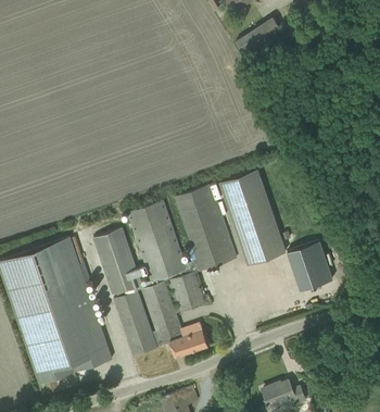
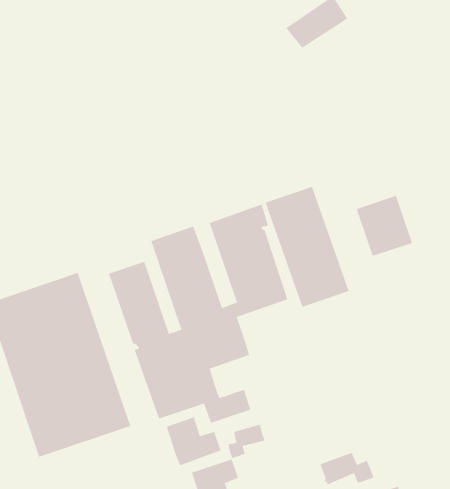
building: [287,240,332,289] -> [356,195,413,257]
building: none -> [166,417,221,466]
building: none -> [228,424,265,459]

